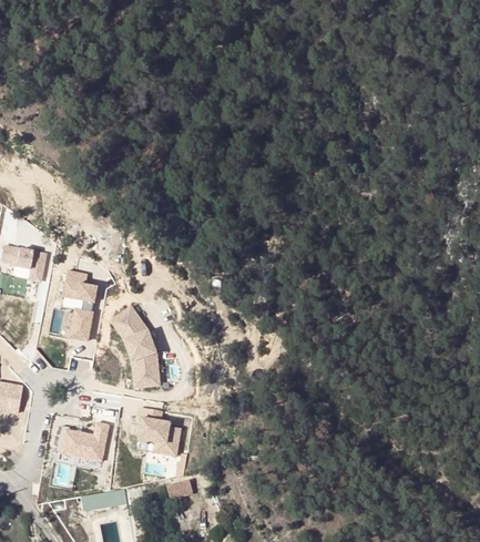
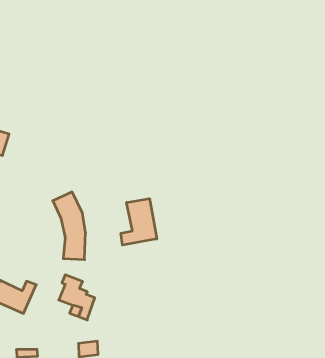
building: [59,269,95,340] -> none
building: none -> [121,199,157,245]

